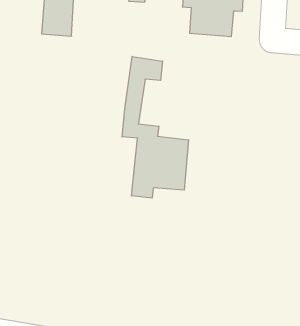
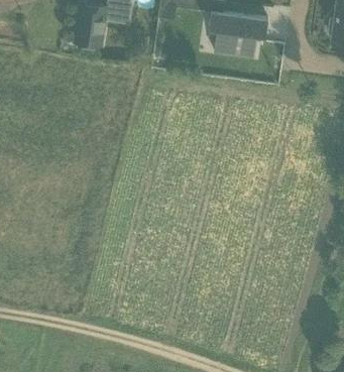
building: [122,56,188,198] -> none

